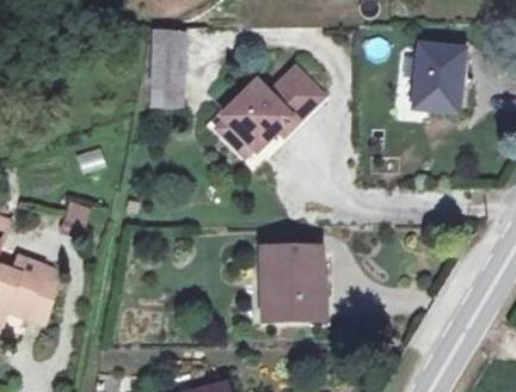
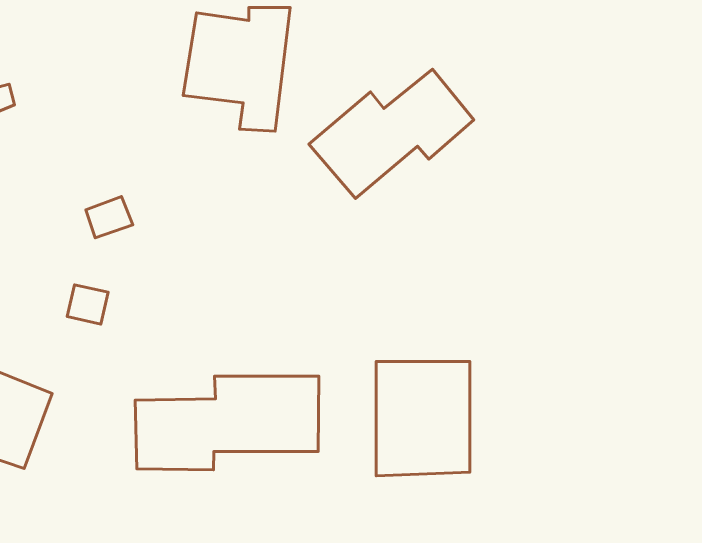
building: [412,49,463,115] -> none
building: none -> [135,376,319,470]

